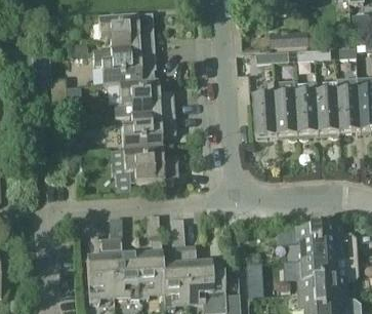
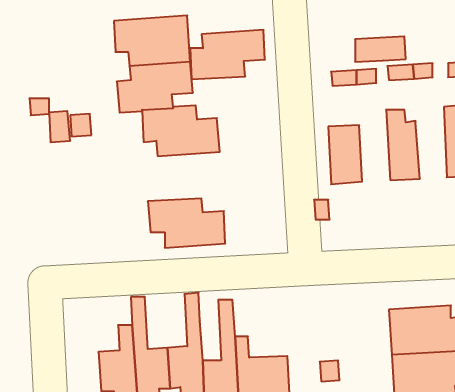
building: [316,80,338,132] -> none
building: [275,82,297,134] -> none
building: [120,113,174,149] -> [190,30,265,79]

